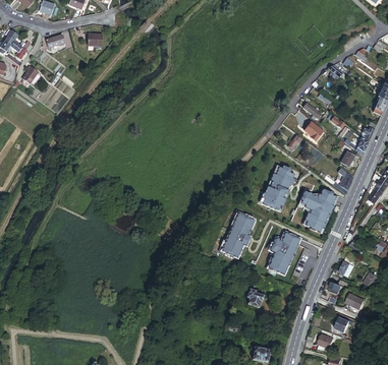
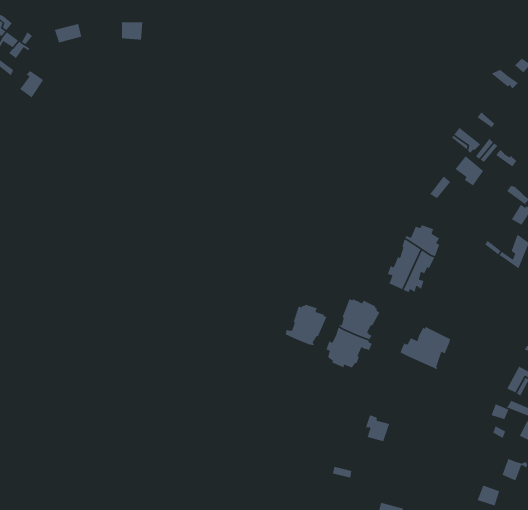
building: [299,188,337,233] -> none
building: none -> [285,304,328,346]
building: [267,248,292,275] -> none

